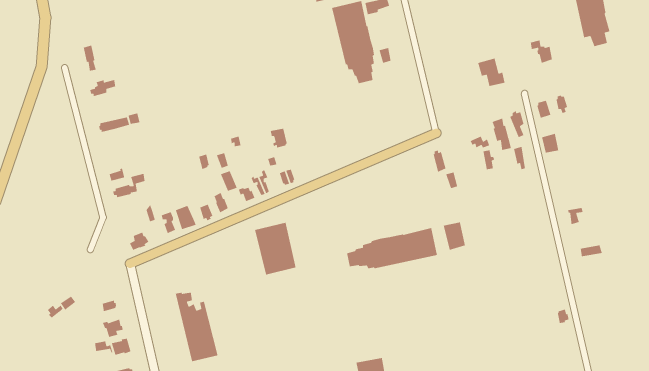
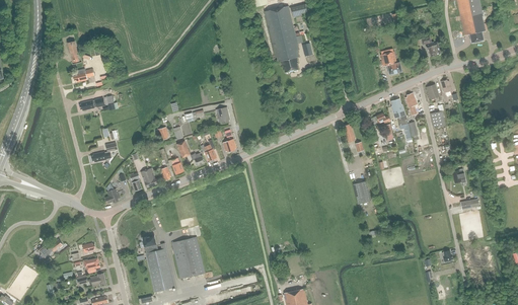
building: [254,222,296,276] -> [170,236,204,279]
building: [346,227,438,269] -> none

